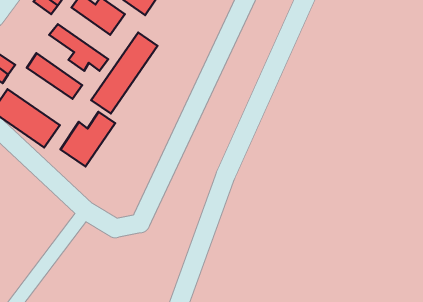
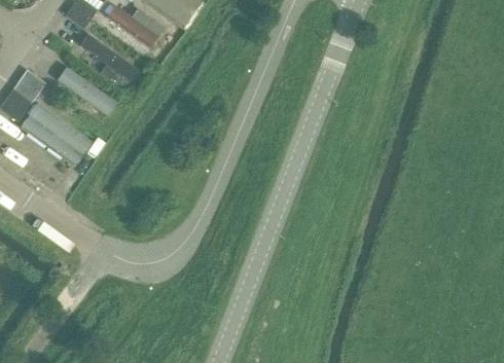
building: [91,32,158,113] -> none
building: [60,112,115,166] -> none

